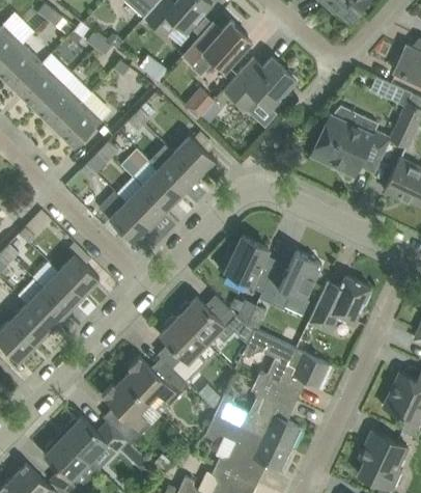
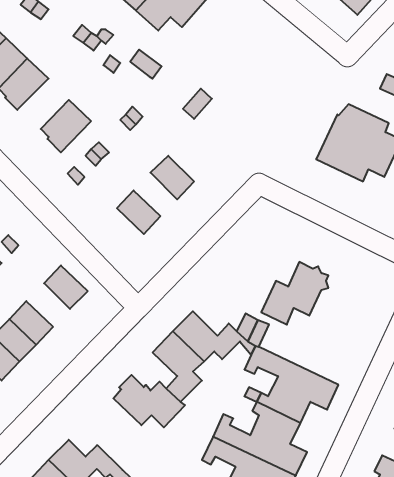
building: [184,20,249,75] -> none
building: [224,57,297,110] -> none
building: [34,81,82,128] -> none
building: [174,135,215,176] -> none
building: [134,160,183,209] -> none
building: [110,201,151,242] -> none
building: [220,236,275,293] -> none
building: [43,271,83,311] -> none
building: [311,275,372,328] -> none
building: [102,378,151,444] -> none

